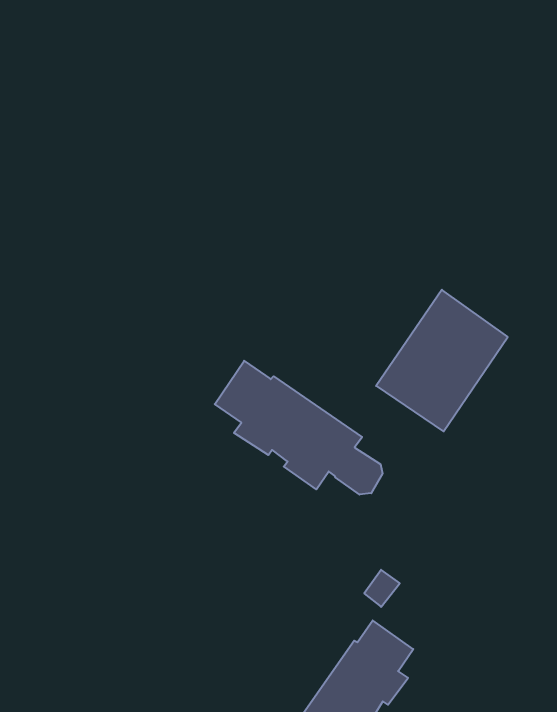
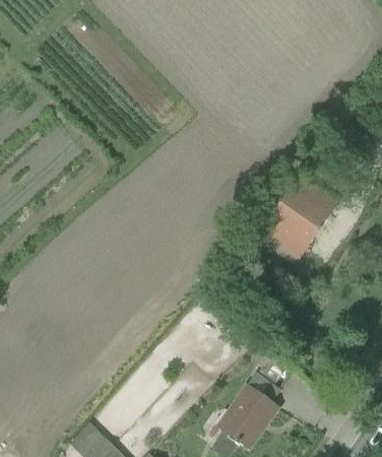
building: [215,361,383,495] -> none

